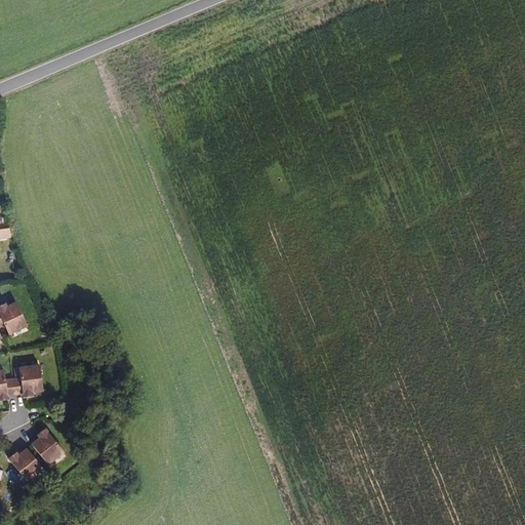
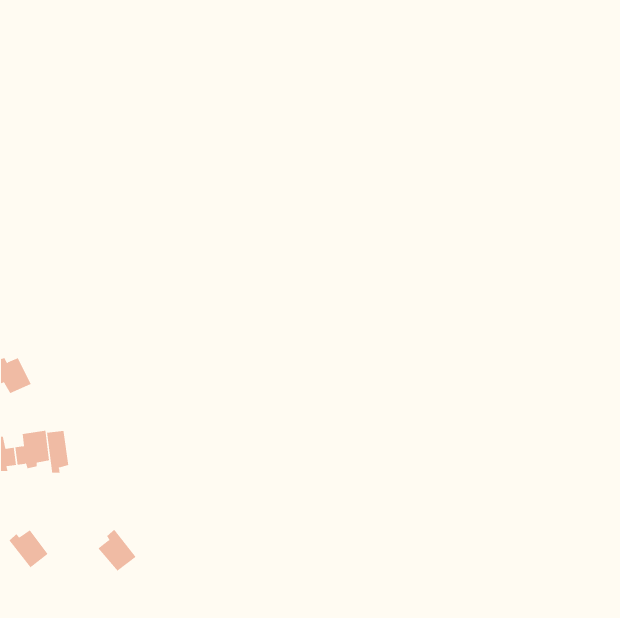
building: none -> [46,430,69,474]
building: [30,428,63,463] -> [98,529,136,571]

